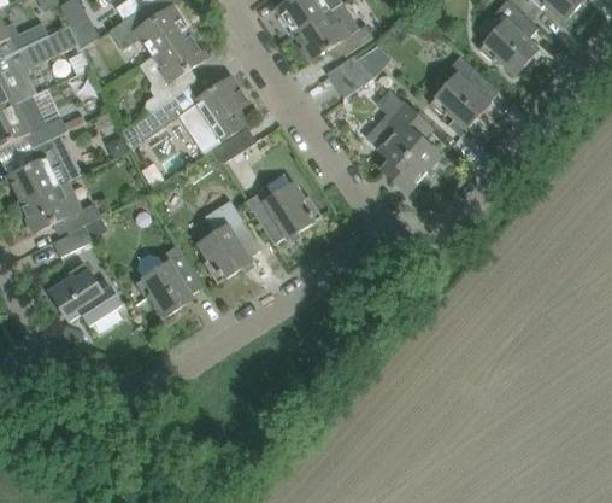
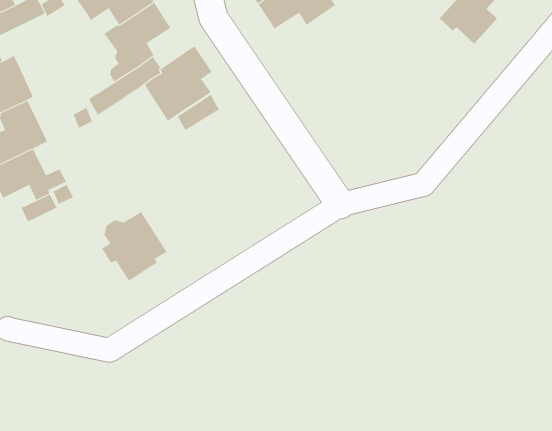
building: [430,54,499,129] -> none
building: [326,55,375,96] -> none
building: [370,103,441,192] -> none
building: [246,182,322,244] -> none
building: [198,199,261,277] -> none
building: [49,262,122,324] -> none

